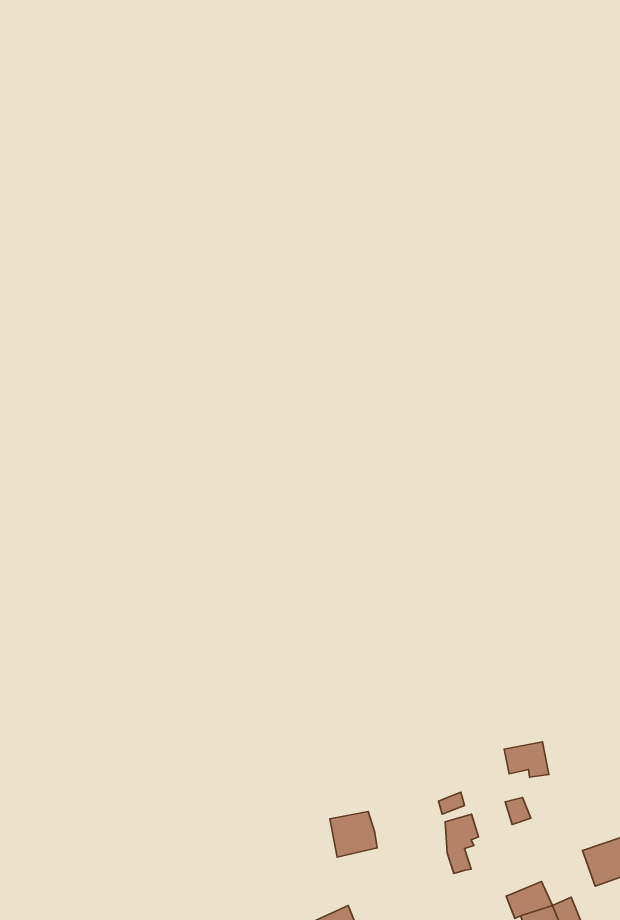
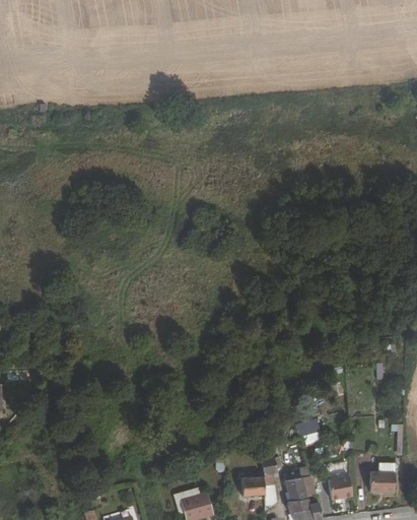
building: [330,812,377,857] -> [239,472,262,494]
building: none -> [285,471,306,498]

